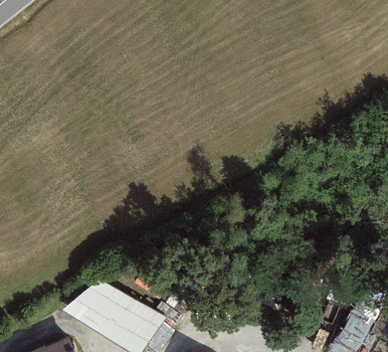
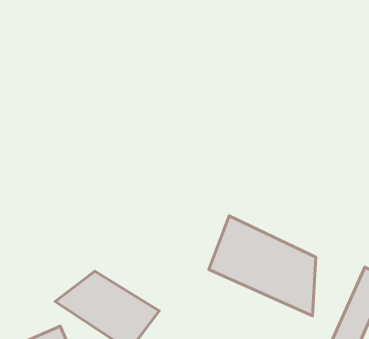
building: none -> [209,216,316,316]

